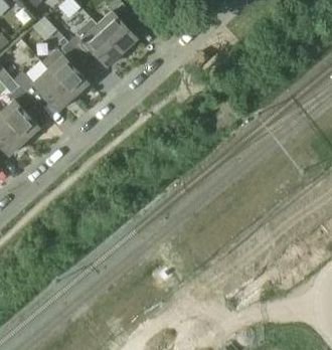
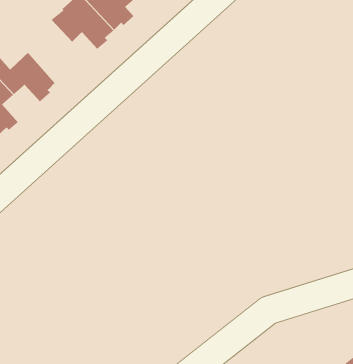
building: [41,41,88,95] -> none

